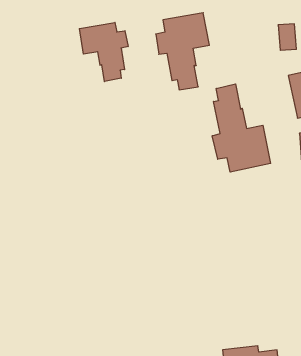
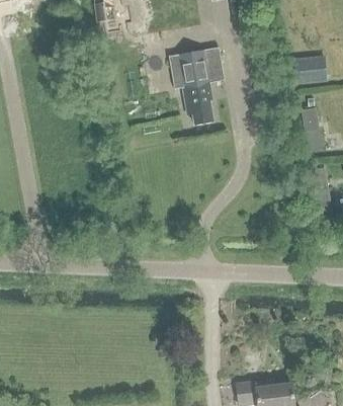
building: [79,22,128,82] -> none
building: [212,84,271,172] -> none

